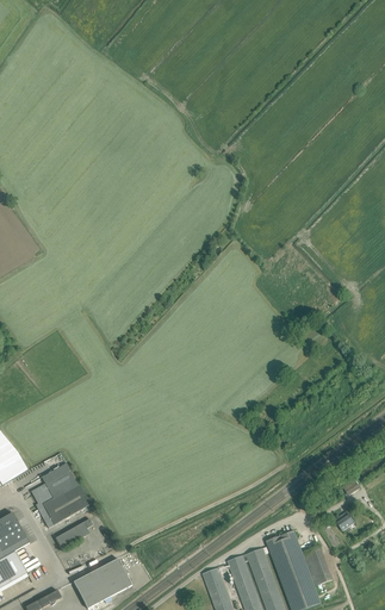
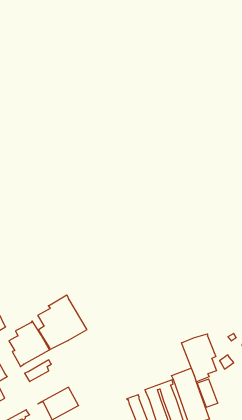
building: none -> [38,295,87,350]
building: none -> [182,334,217,382]

